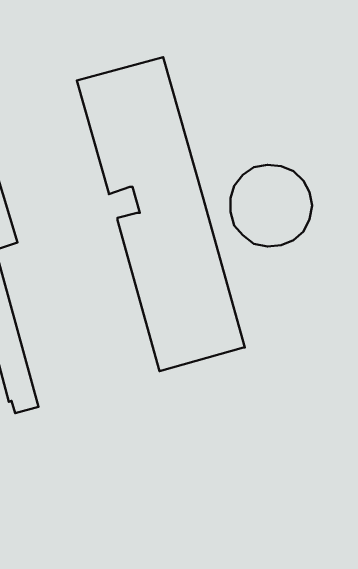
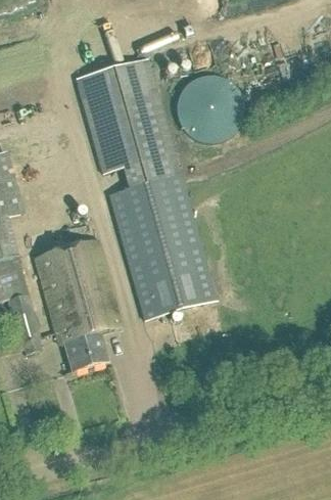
building: [231,165,312,246] -> [178,74,245,141]
building: none -> [35,238,121,370]

